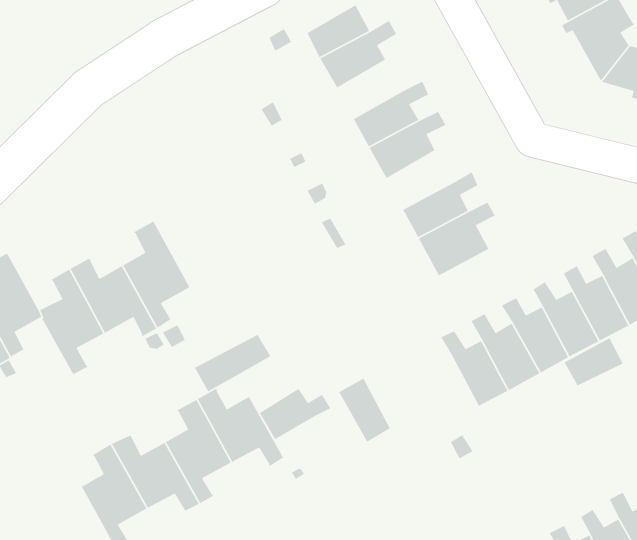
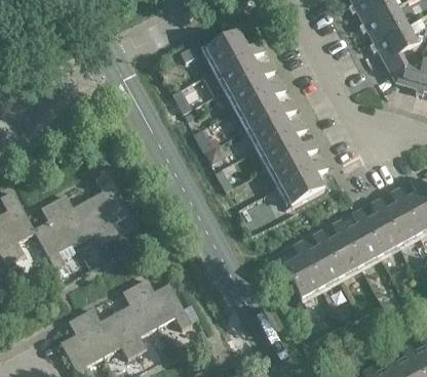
building: none -> [225,59,274,103]
building: none -> [257,118,306,162]
building: [194,334,272,392] -> none
building: [563,337,624,386] -> none
building: [338,377,391,443] -> [282,256,316,298]
building: [259,388,331,440] -> none

